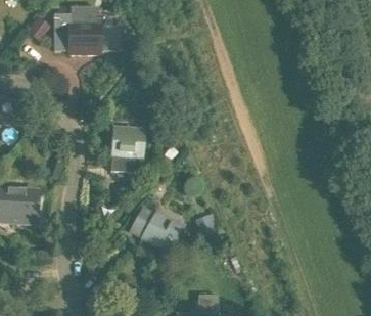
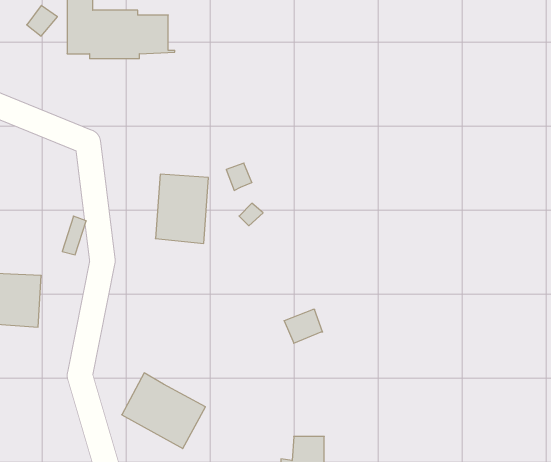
building: [130,204,183,252] -> [122,373,205,449]

